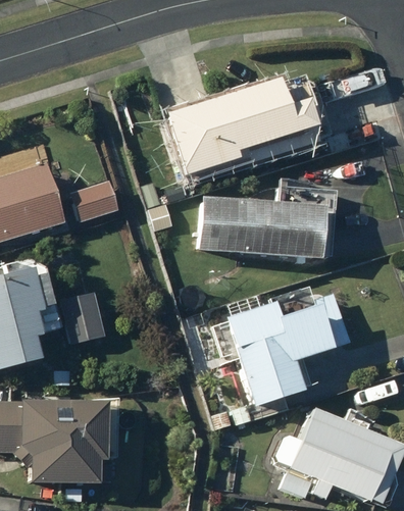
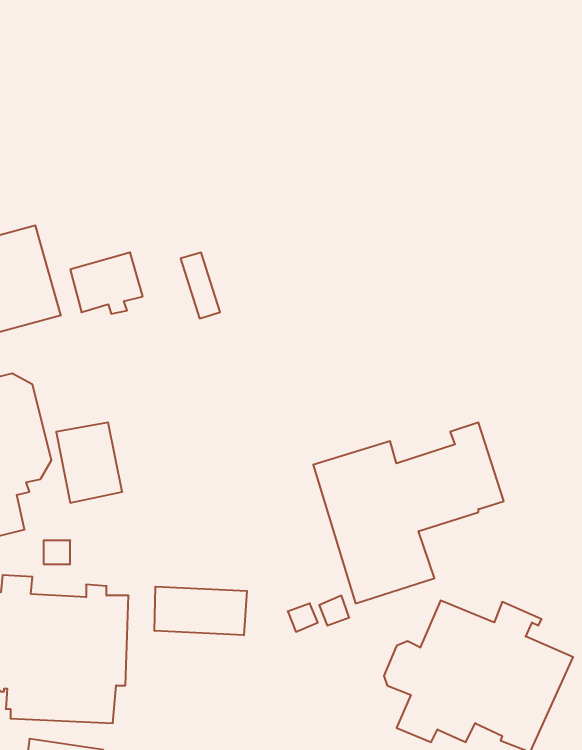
building: [168,80,323,181] -> none
building: [200,185,327,259] -> none
building: none -> [155,587,247,635]

